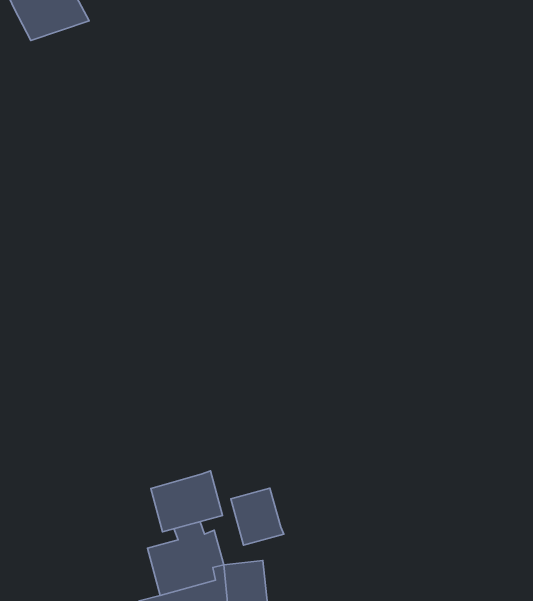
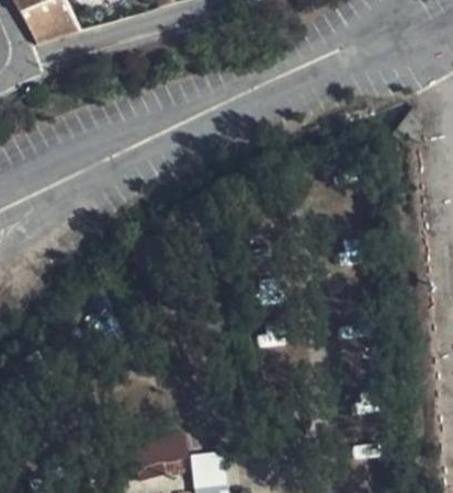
building: [151,471,223,532] -> none
building: [231,488,284,545] -> none

